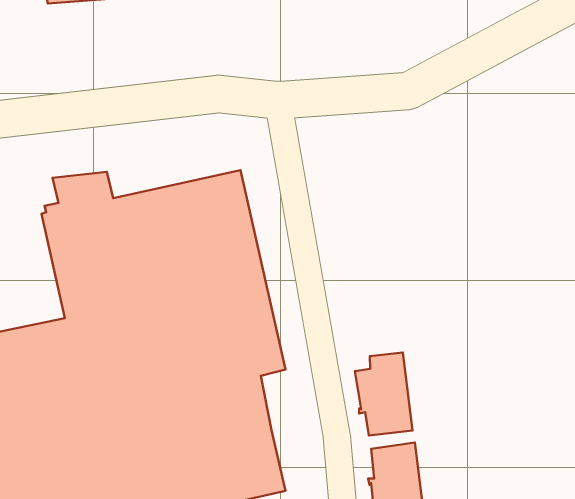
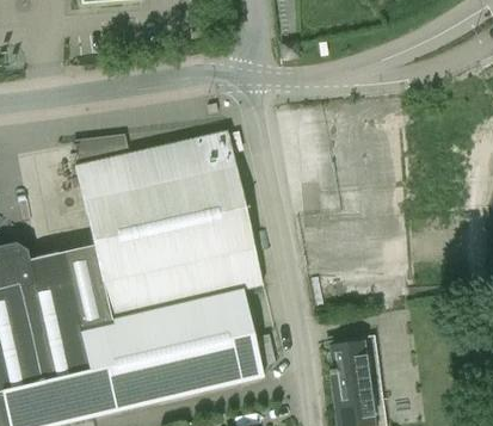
building: [355,352,413,436] -> none

